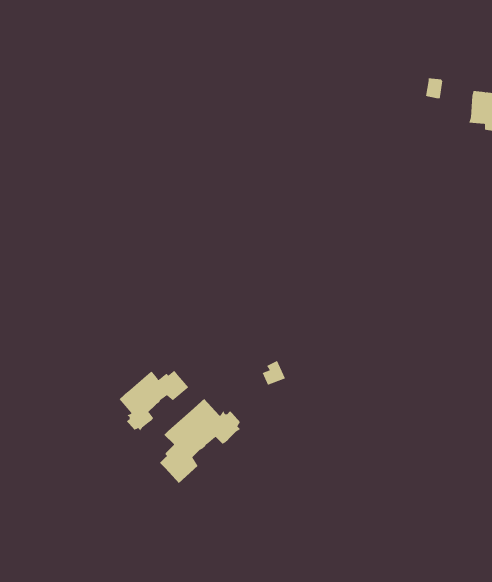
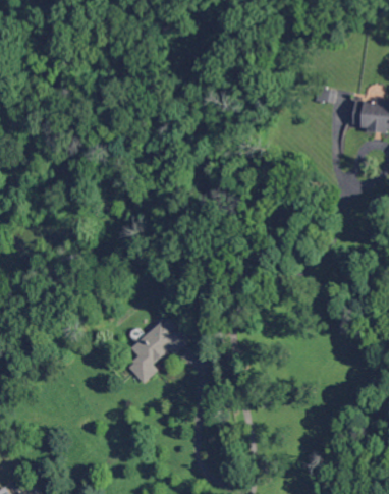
building: [119,370,189,431] -> none

